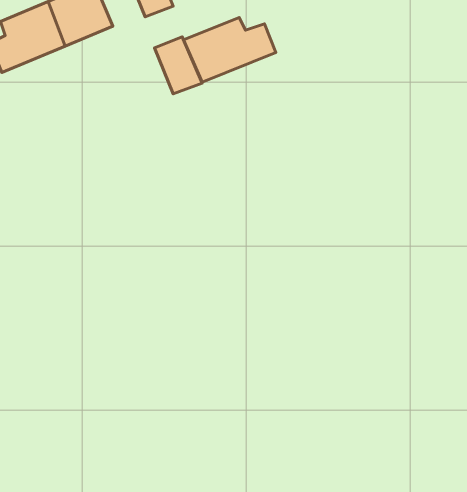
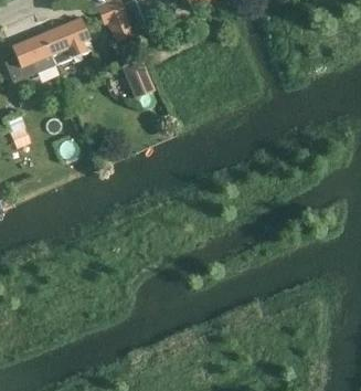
building: [184,18,276,82] -> none

